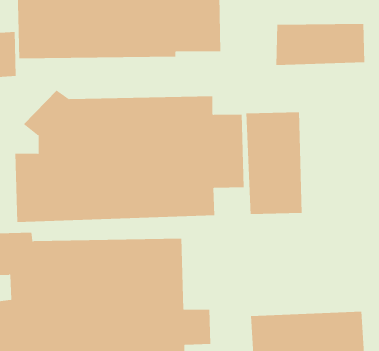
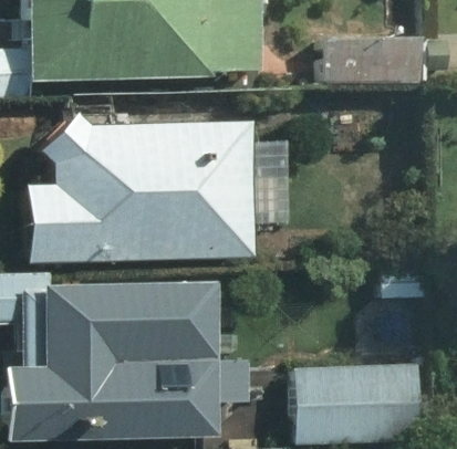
building: [246,111,302,215] -> none

